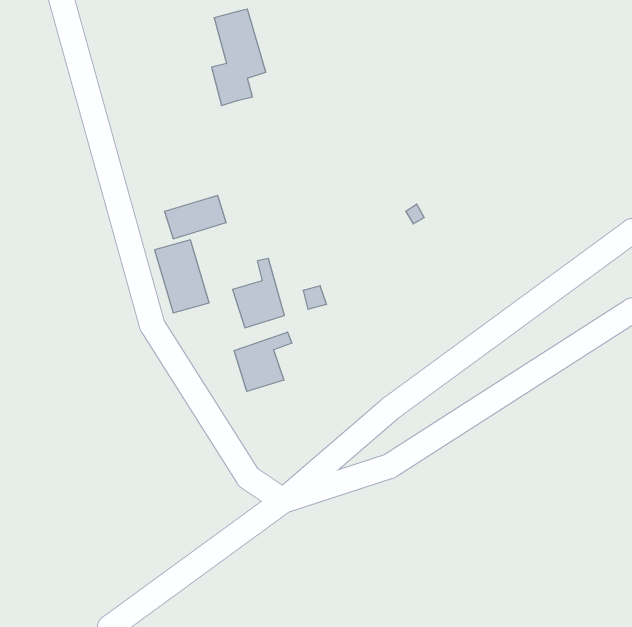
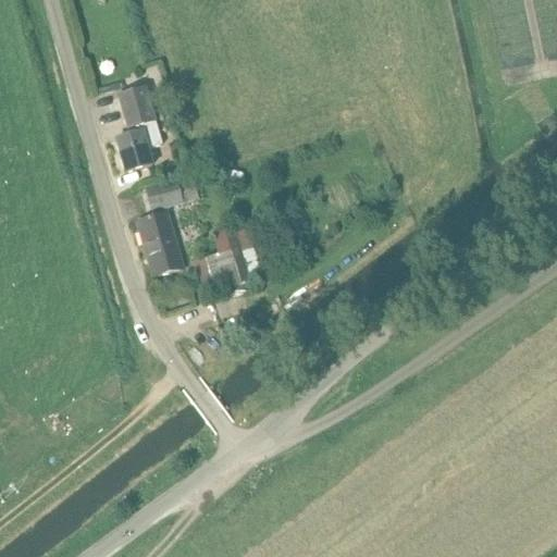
building: [212,9,266,106] -> [115,86,163,171]
building: [234,332,292,391] -> none

